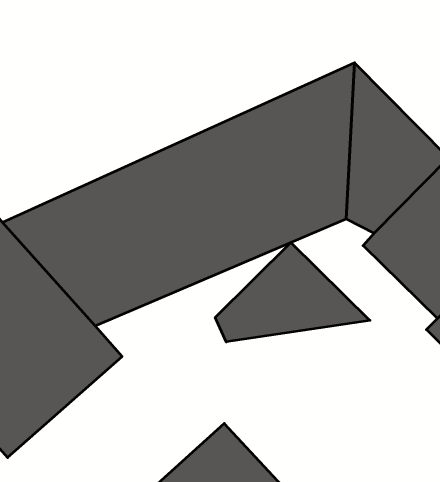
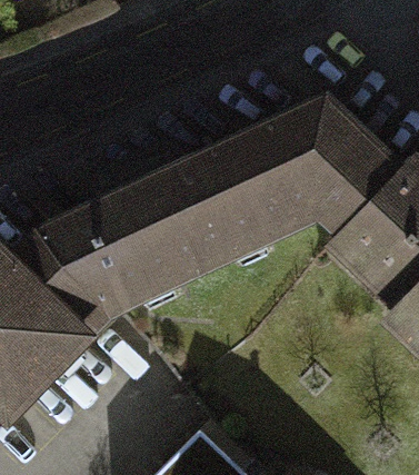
building: [215,242,370,342] -> none

